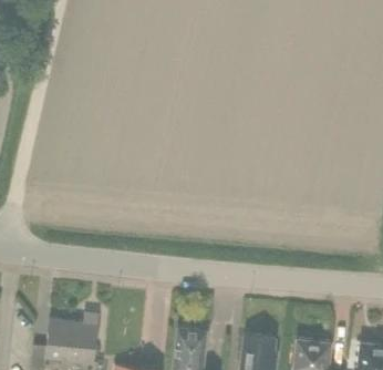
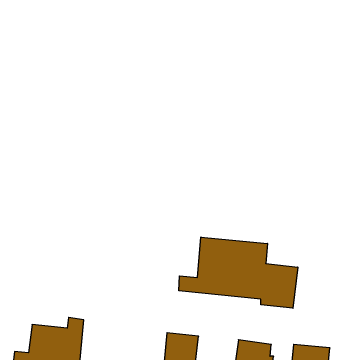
building: none -> [179,237,298,308]

